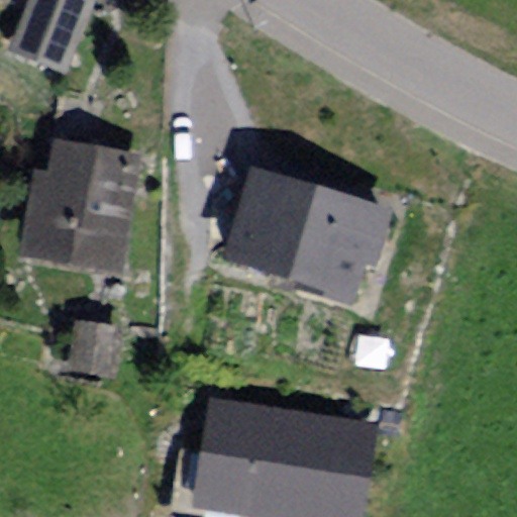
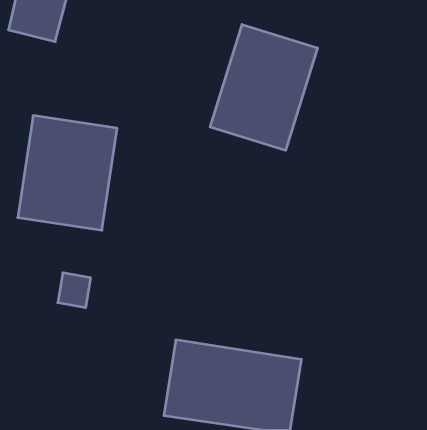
building: none -> [210,24,317,150]
building: [224,166,396,304] -> none

